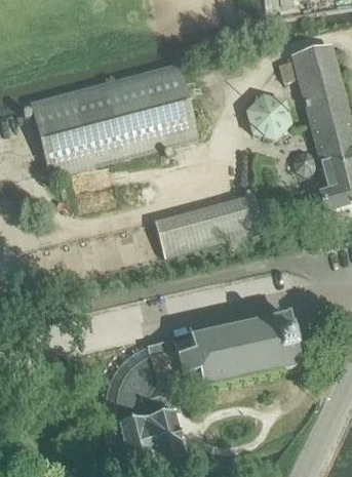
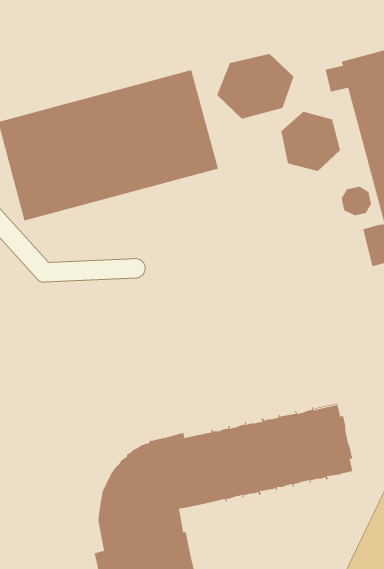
building: none -> [217,53,294,119]
building: [156,194,268,259] -> none

